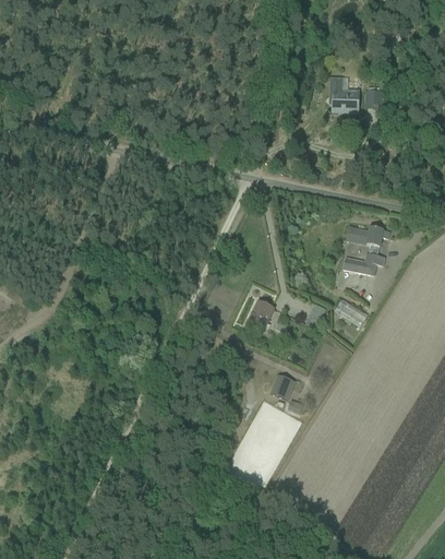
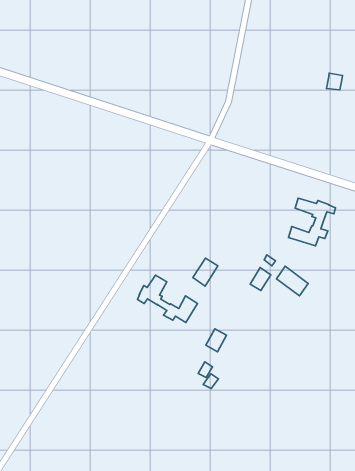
building: [329,78,357,110] -> none
building: none -> [138,275,198,322]

